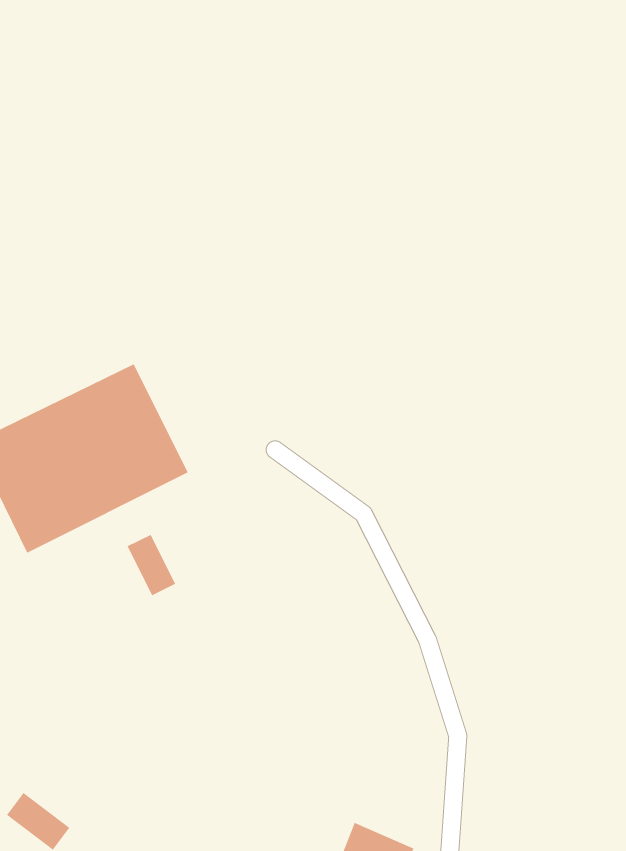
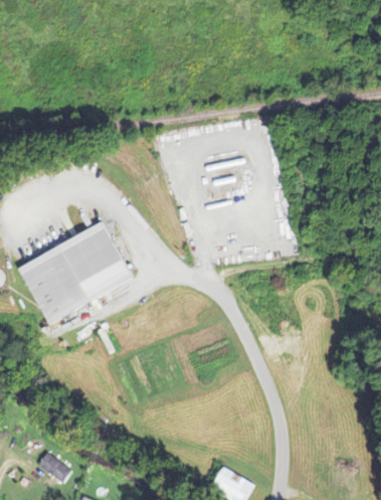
building: [127,534,176,596] -> none

